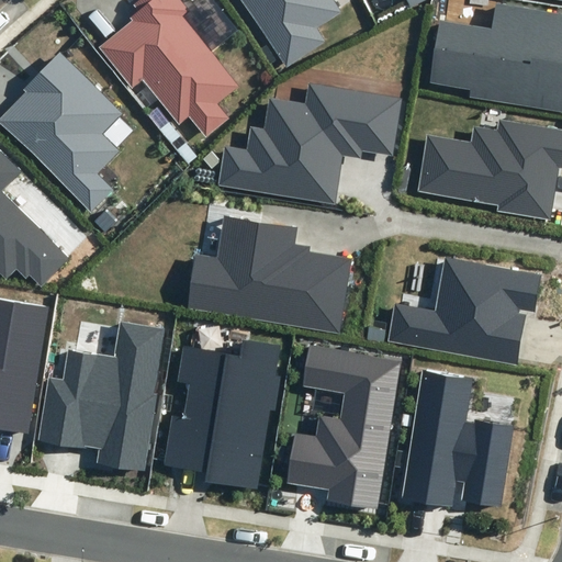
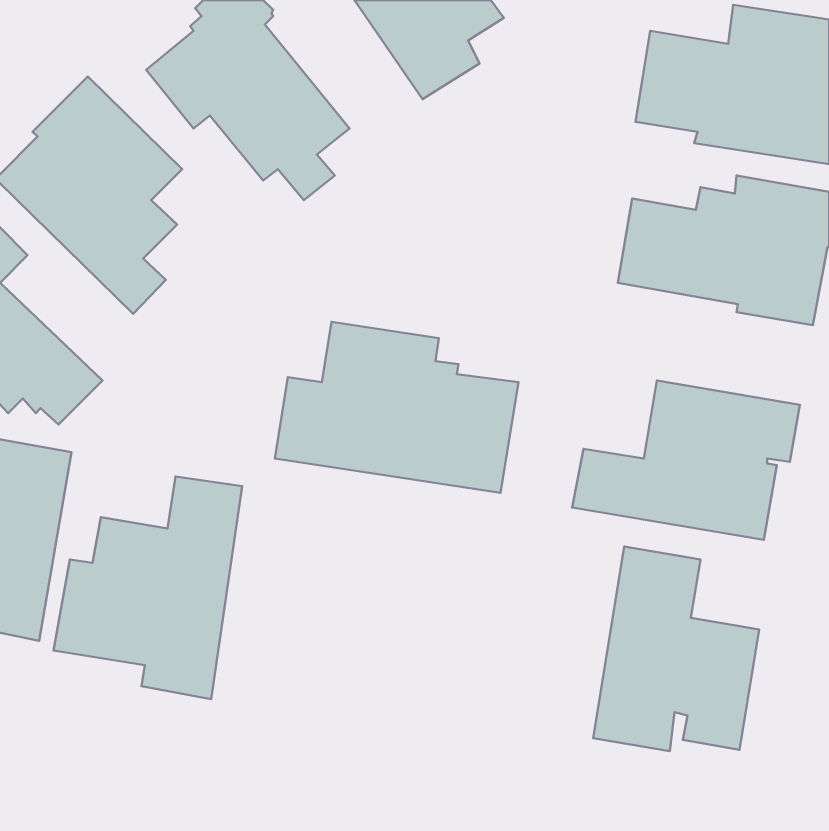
building: [218,85,401,203] -> none
building: [165,339,281,487] -> none
building: [285,347,401,509] -> none

